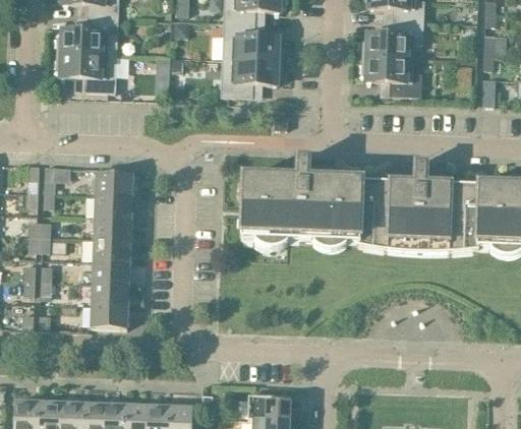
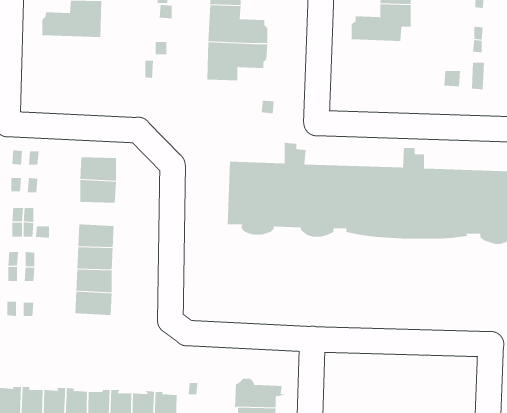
building: [56,52,116,91] -> none
building: [361,56,421,96] -> none
building: [94,217,130,240] -> none

